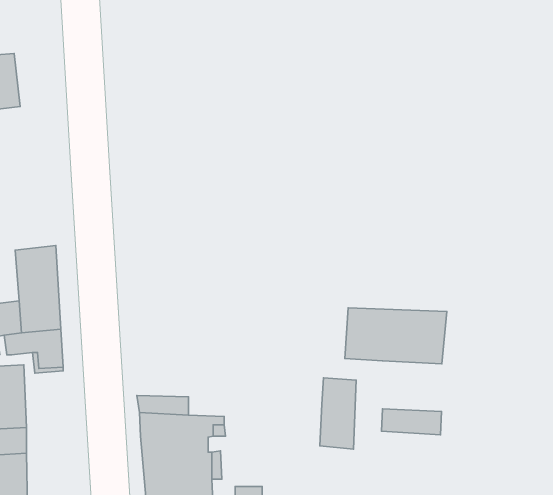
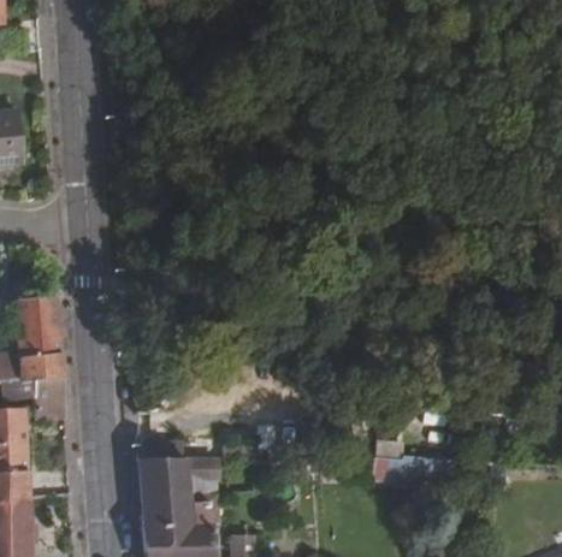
building: [345,308,447,364] -> none
building: [320,378,356,449] -> none

